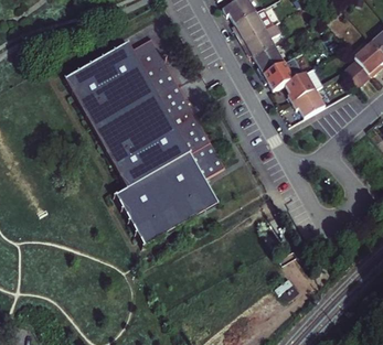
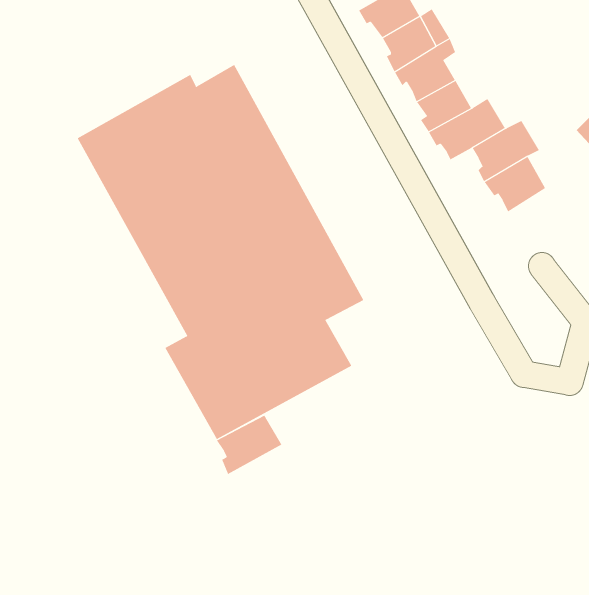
building: none -> [216,415,282,475]

